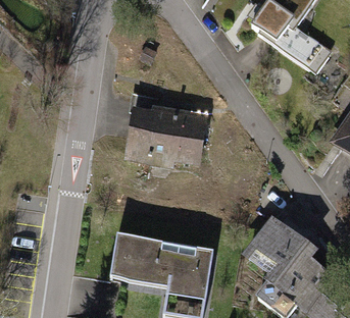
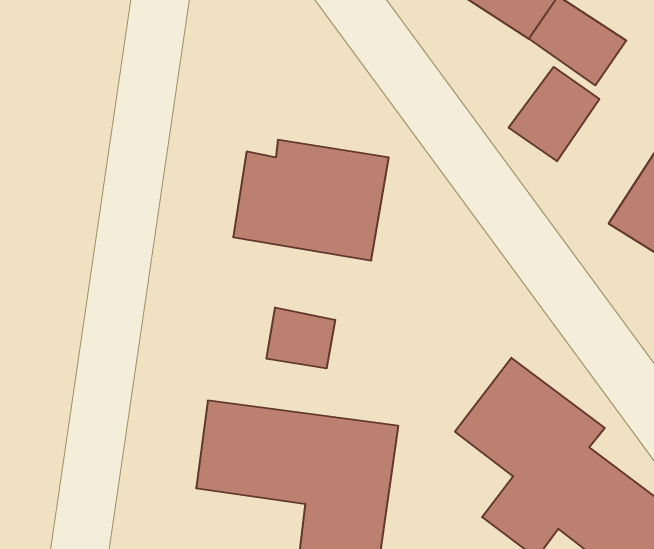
building: none -> [509,67,599,161]
building: none -> [266,307,335,368]

